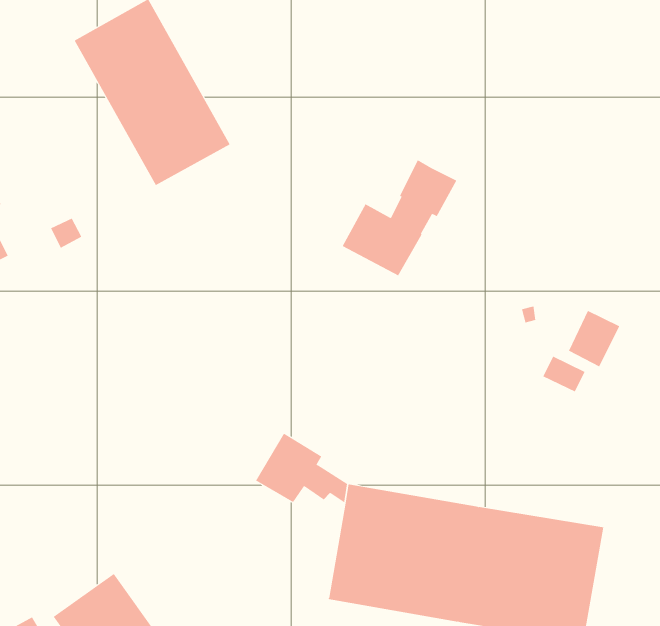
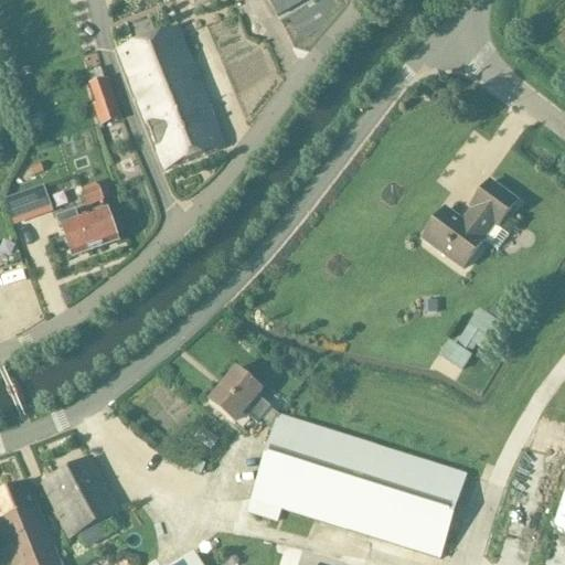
building: none -> [87,76,121,125]
building: [342,160,457,276] -> [422,179,515,265]
building: none -> [55,206,117,255]

